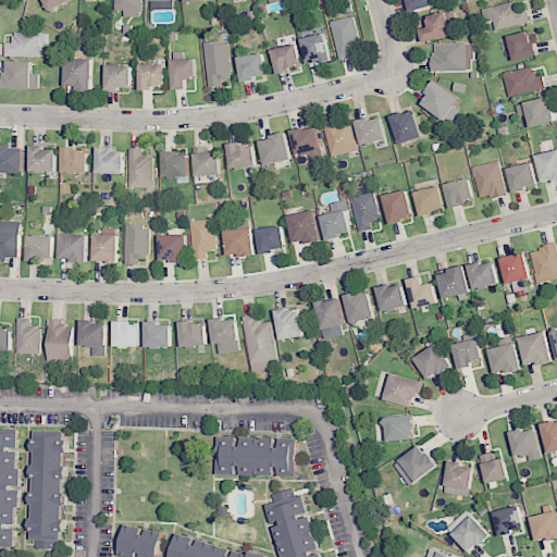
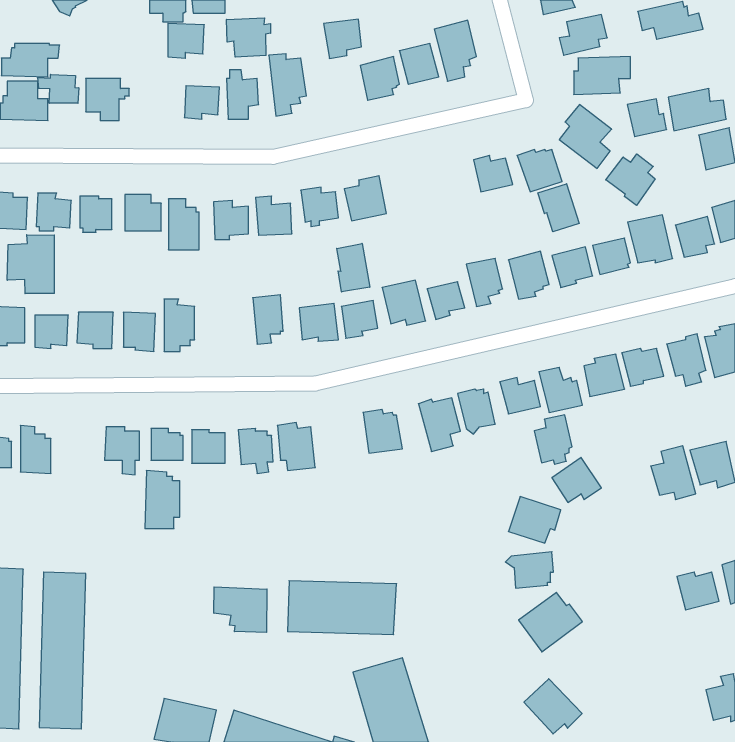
building: none -> [227,18,271,57]
building: [507,32,536,60] -> [627,99,667,137]
building: [235,52,263,82] -> [324,19,361,58]
building: none -> [38,74,79,103]
building: [103,64,131,90] -> [168,23,204,58]
building: none -> [606,154,655,205]
building: [320,117,356,157] -> none
building: [287,127,319,154] -> none
building: none -> [538,184,579,232]
building: none -> [7,235,54,294]
building: none -> [337,243,370,292]
building: [157,234,186,262] -> none
building: [239,314,274,372] -> none
building: [44,319,70,362] -> [145,471,180,529]
building: [451,332,480,369] -> [534,415,572,464]
building: none -> [214,587,267,632]
building: [476,451,507,483] -> none
building: [441,460,471,490] -> none
building: [493,505,522,535] -> none
building: [445,509,488,550] -> [524,679,582,734]

